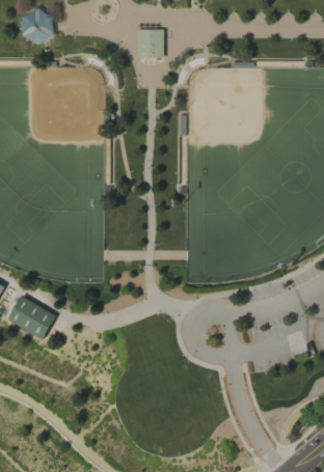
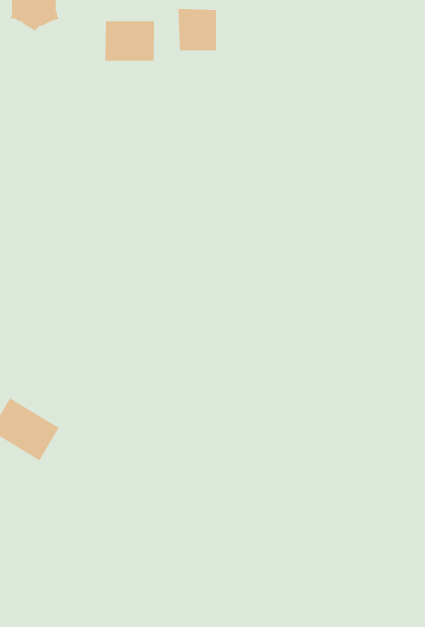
building: none -> [105,21,154,61]

